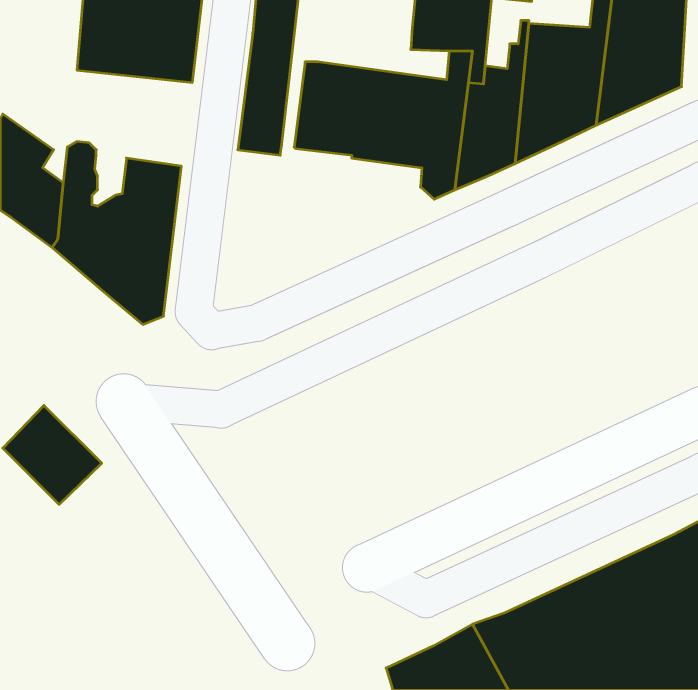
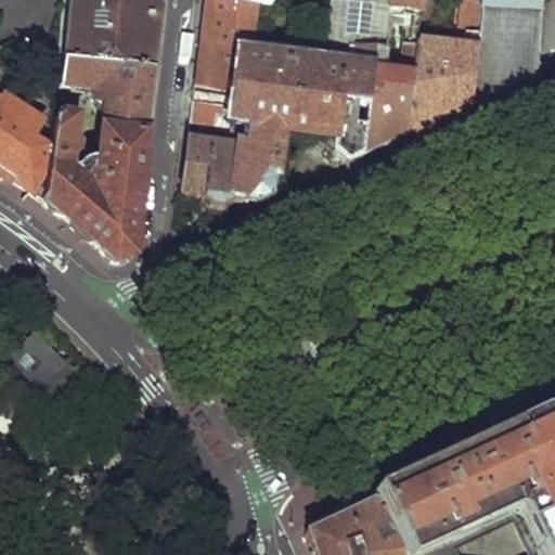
building: none -> [61,55,155,131]
building: none -> [182,114,281,201]

